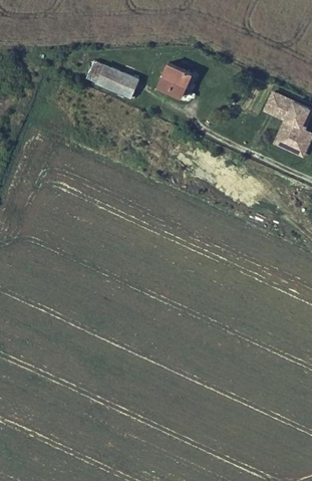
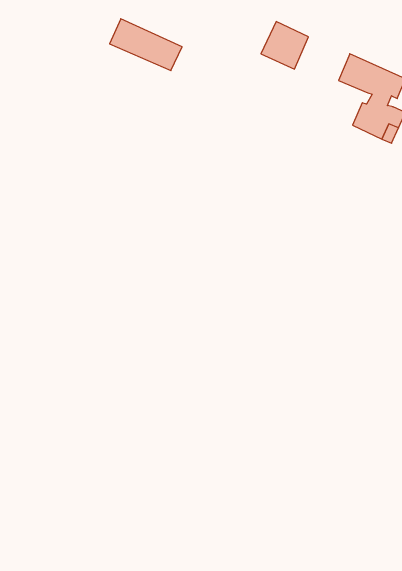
building: [159,64,193,98] -> [261,22,308,69]

